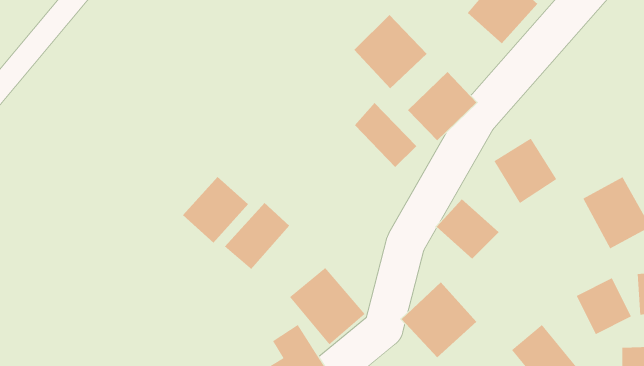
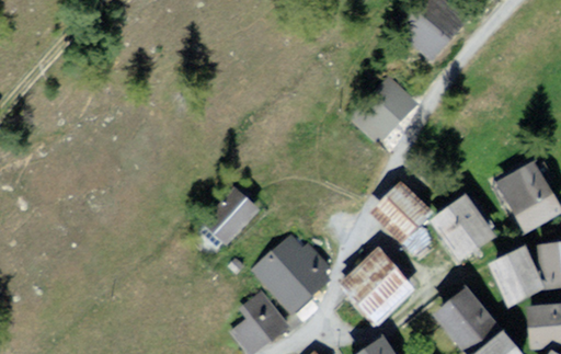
building: [353,14,427,89] -> none
building: [354,102,417,168] -> none
building: [494,138,557,204] -> [436,201,490,256]
building: [182,176,249,243] -> none

